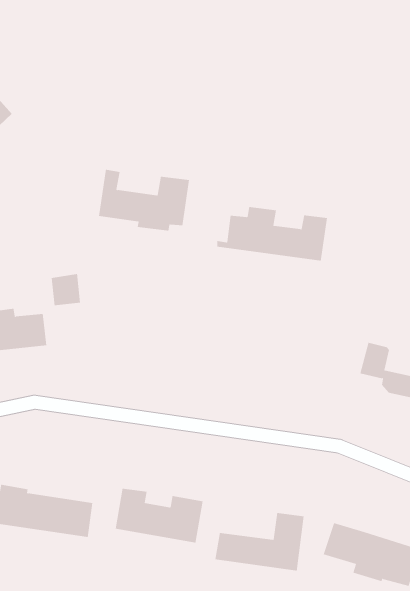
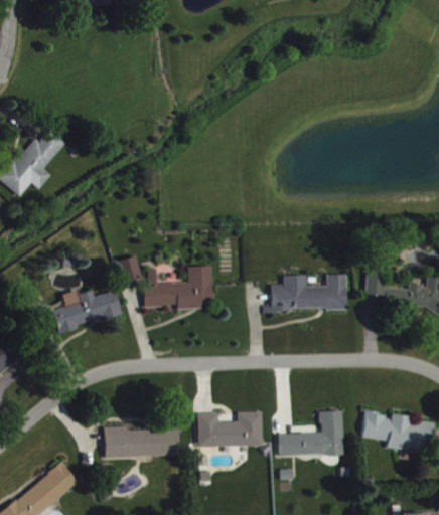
building: [98,169,190,231] -> [144,266,211,309]
building: [216,207,328,261] -> [263,274,346,311]

